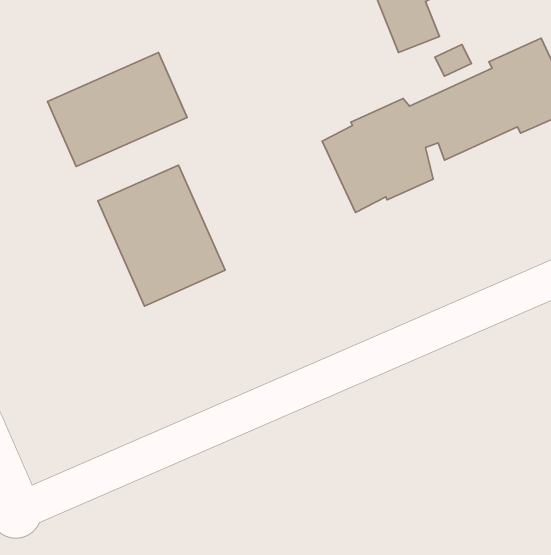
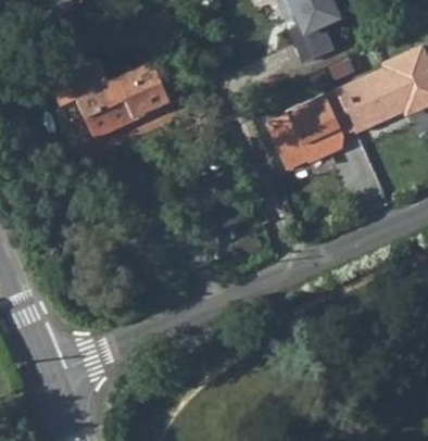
building: [98,165,225,306] -> none

